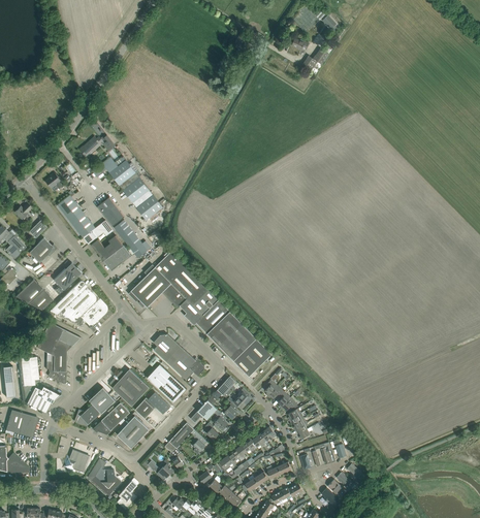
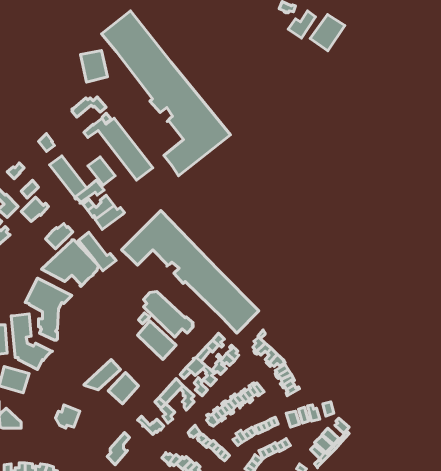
building: none -> [101,11,230,176]
building: none -> [310,14,345,51]
building: none -> [80,50,107,82]
building: [114,219,152,258] -> [79,232,116,271]
building: [14,279,54,311] -> none
building: [110,368,150,406] -> none
building: [75,387,116,426] -> none
building: [135,392,170,418] -> none
building: [89,459,121,494] -> none

